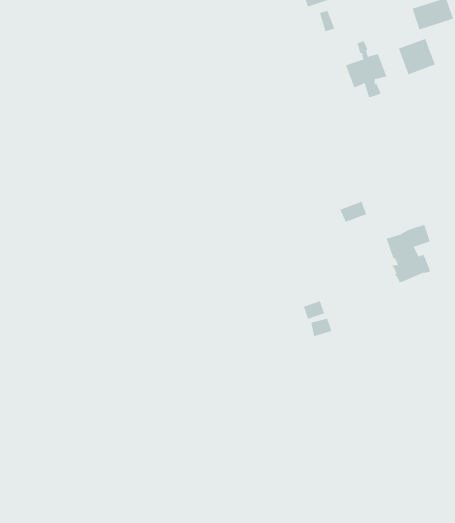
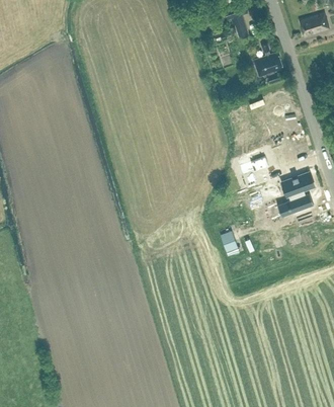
building: [398,38,436,75] -> none

